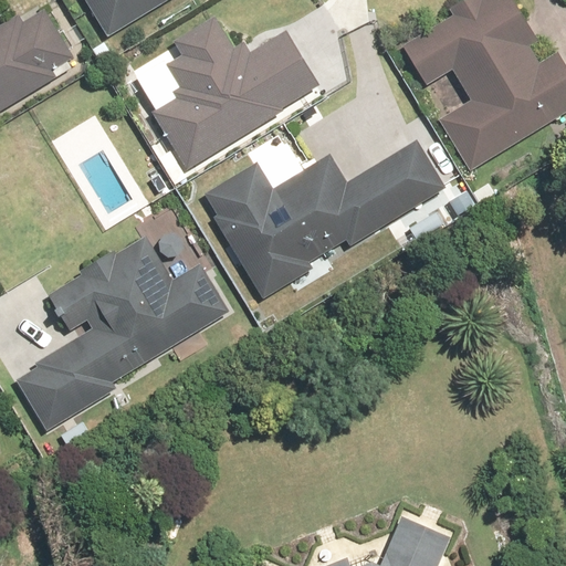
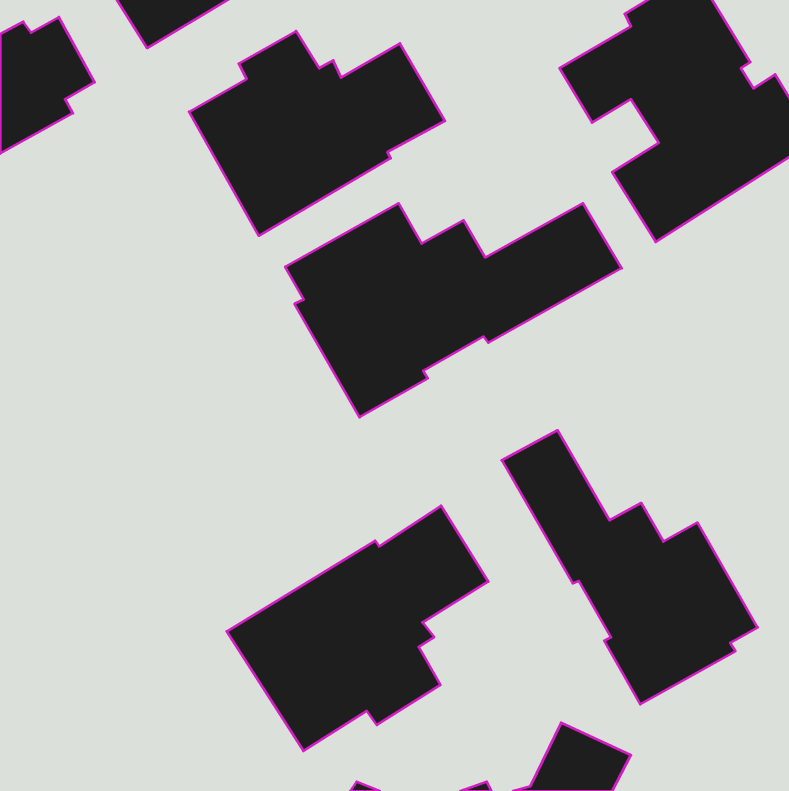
building: [17,237,228,428] -> none
building: none -> [502,430,758,704]
building: none -> [227,506,488,751]

